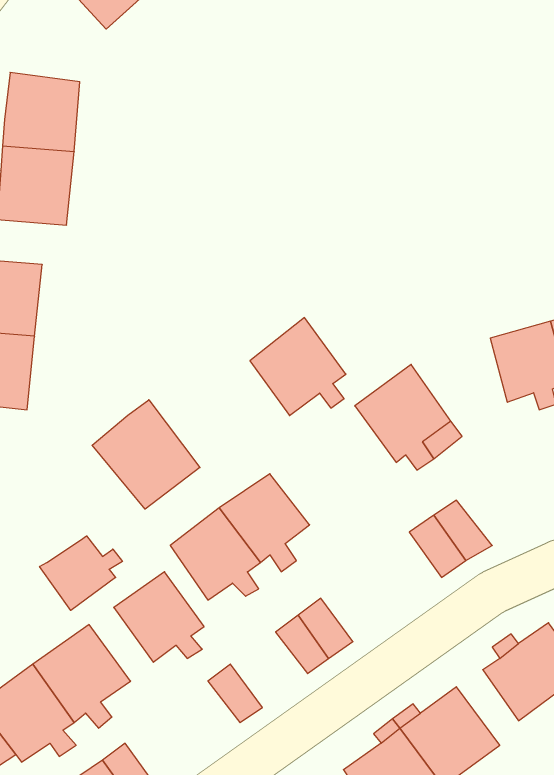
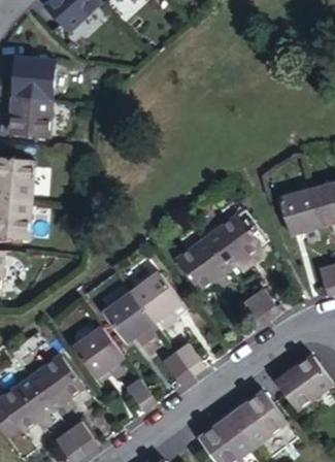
building: [250,318,346,416] -> [175,237,228,291]
building: [92,400,200,509] -> none
building: [40,536,122,610] -> none

